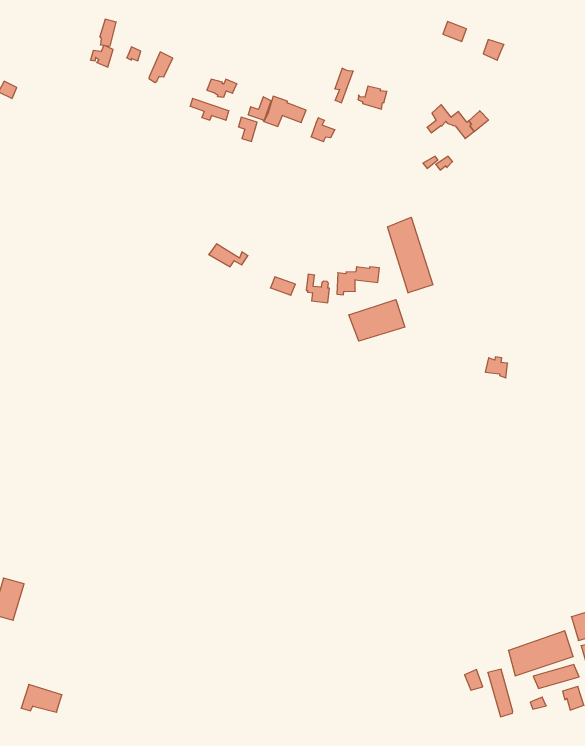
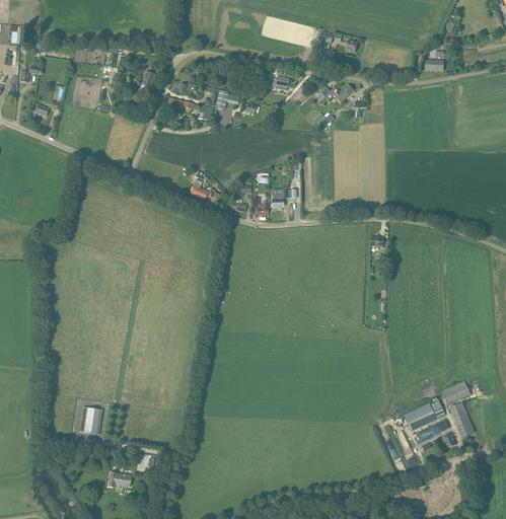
building: [388,217,433,293] -> none
building: [349,300,405,341] -> none

